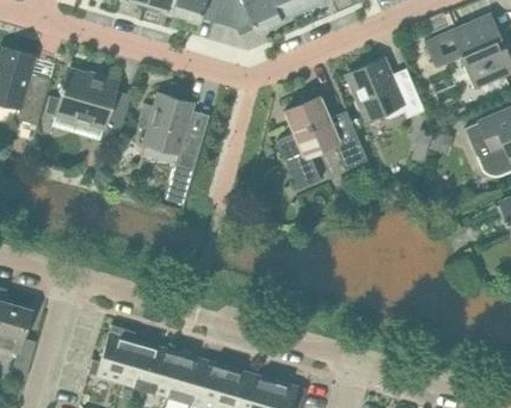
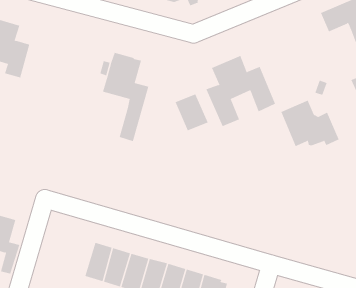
building: [347,58,424,119] -> [280,100,340,147]
building: [56,68,130,143] -> none
building: none -> [175,94,208,131]
building: [87,324,133,382] -> none

